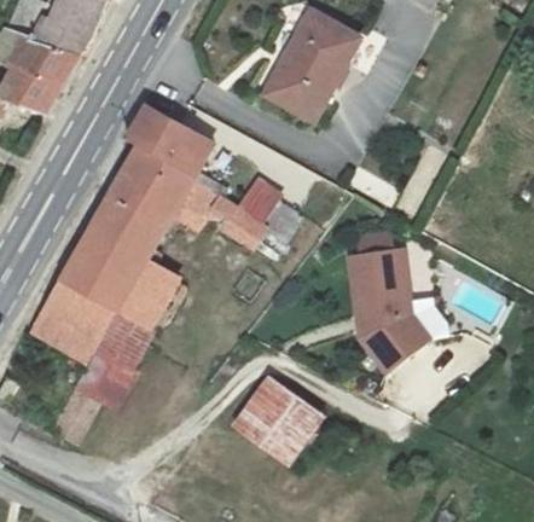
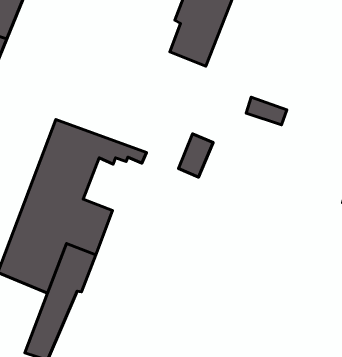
building: [124,103,279,245] -> none
building: [349,244,430,367] -> none
building: [234,377,321,460] -> none

